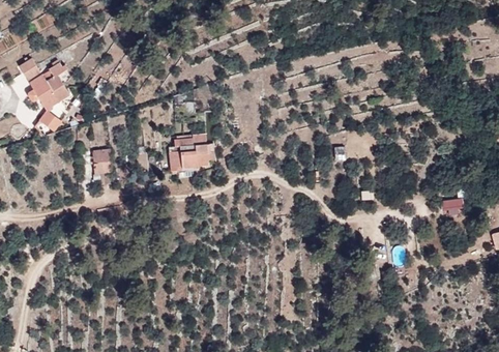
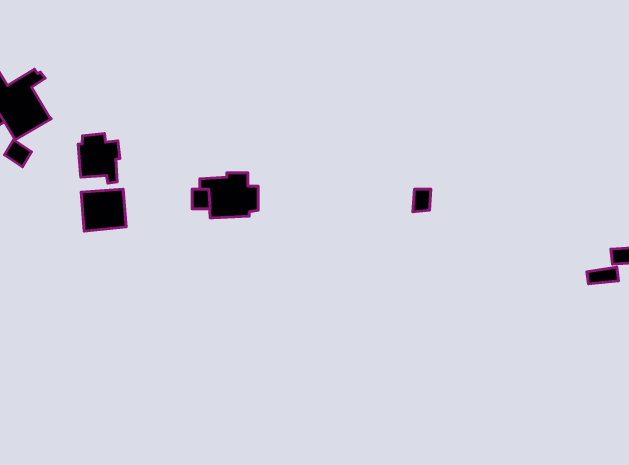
building: none -> [78,133,120,183]

